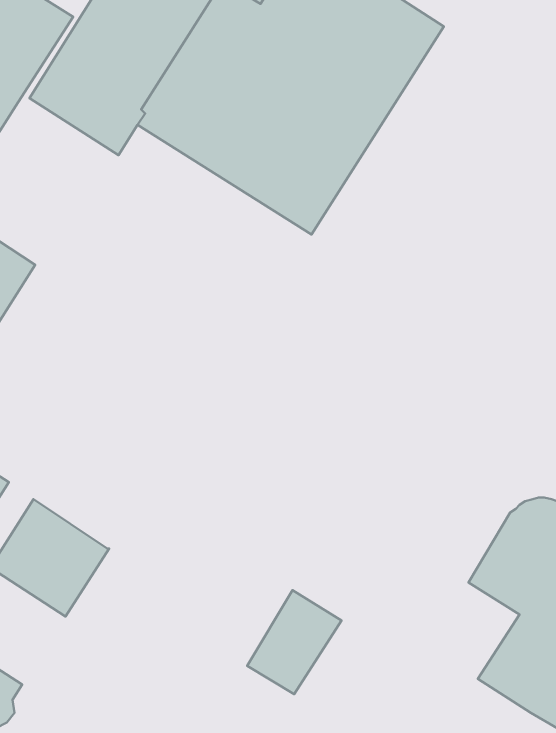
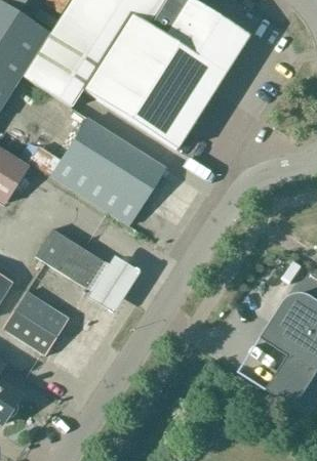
building: none -> [54,119,164,223]
building: none -> [36,229,105,289]
building: [247,590,342,694] -> [87,264,138,321]

